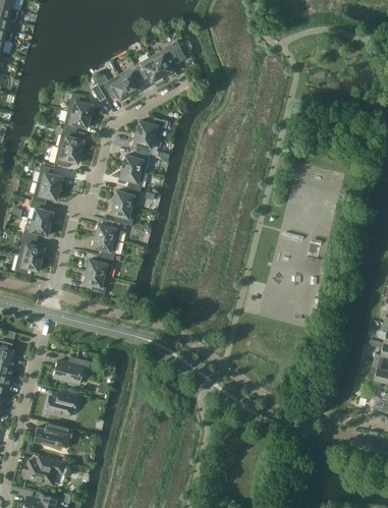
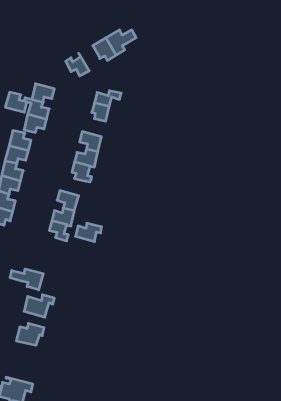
building: [118,65,143,95] -> none
building: [67,93,93,116] -> [5,92,27,112]
building: [122,151,150,172] -> none
building: [96,220,126,241] -> [75,223,102,242]
building: none -> [10,269,43,290]
building: [34,421,74,450] -> none

